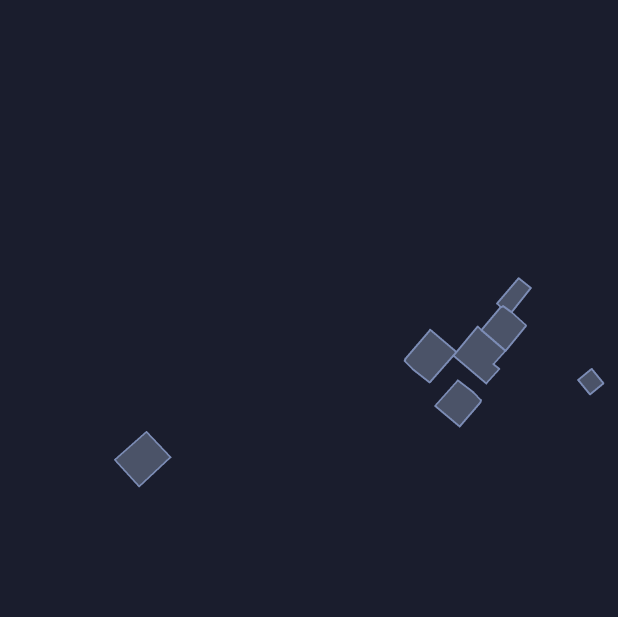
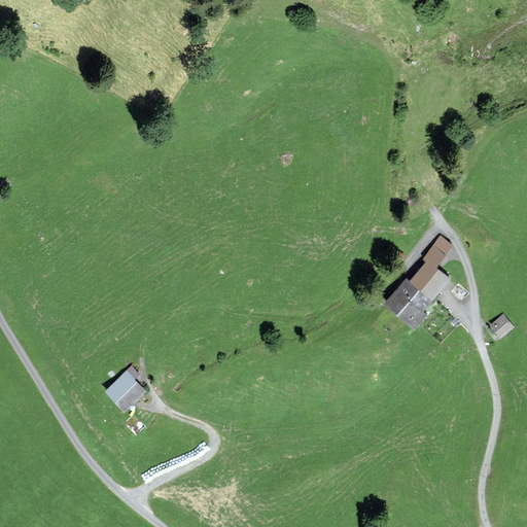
building: [405,330,457,382] -> none
building: [435,380,481,427] -> none

